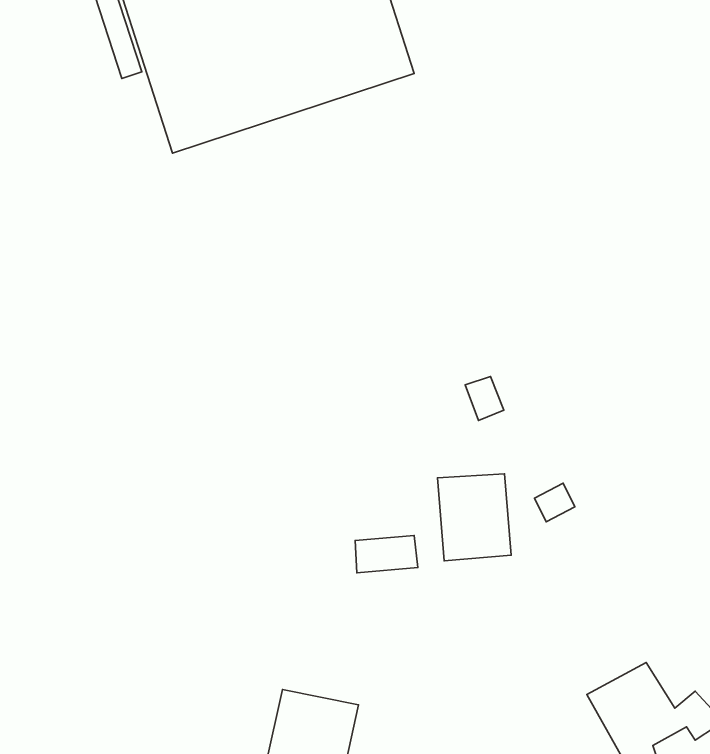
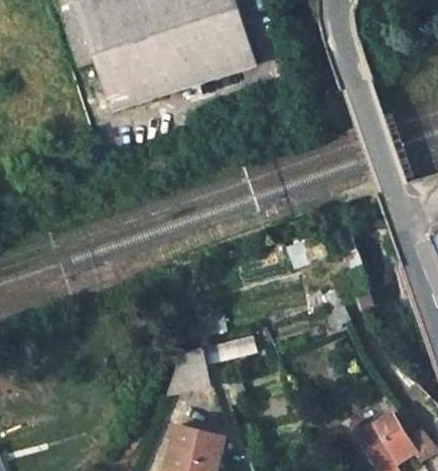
building: [438,474,511,561] -> none
building: none -> [163,350,212,406]

